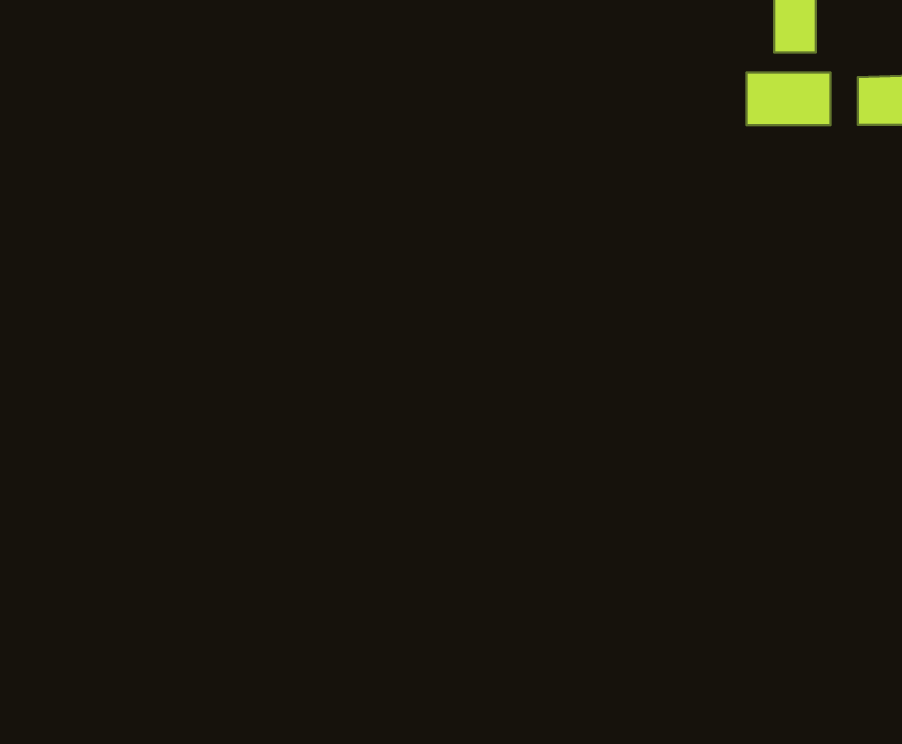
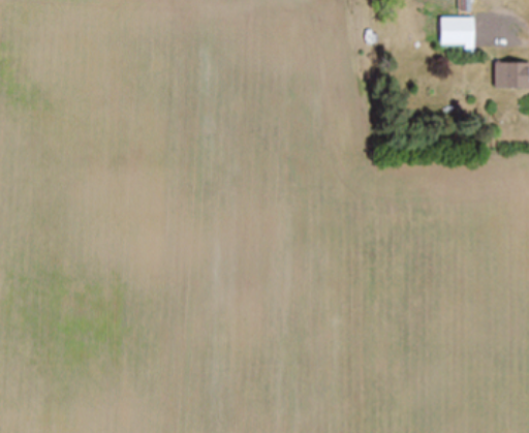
building: [746,73,831,125] -> none

